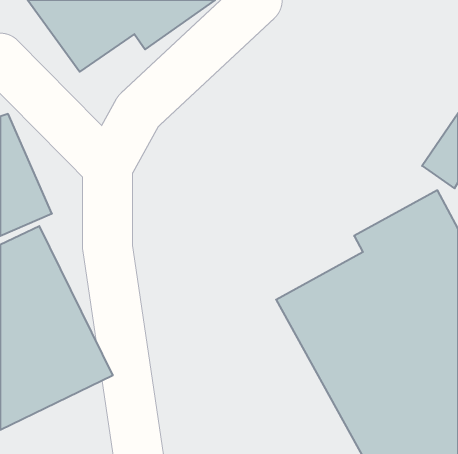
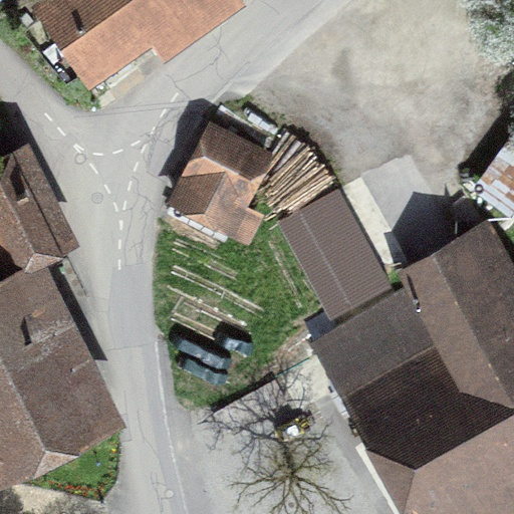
building: none -> [166,121,274,246]
building: none -> [277,191,390,317]

